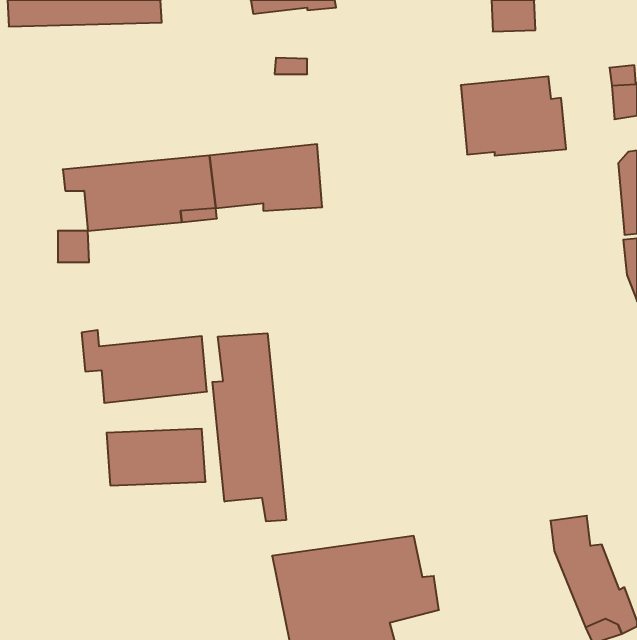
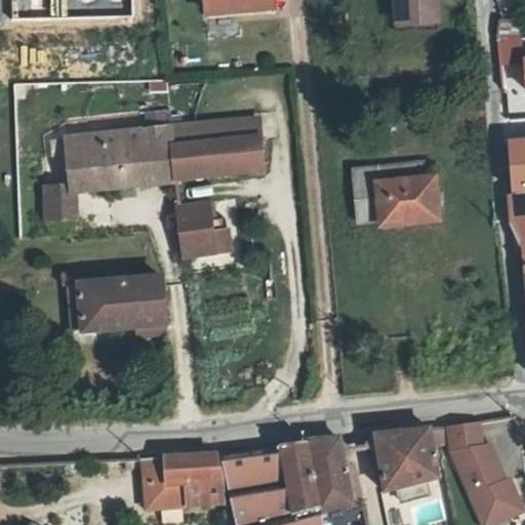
building: [461,77,566,156] -> [355,160,441,225]
building: none -> [179,200,230,254]
building: [212,333,286,521] -> none
building: [107,429,206,485] -> [140,455,221,501]
building: none -> [376,430,440,502]

